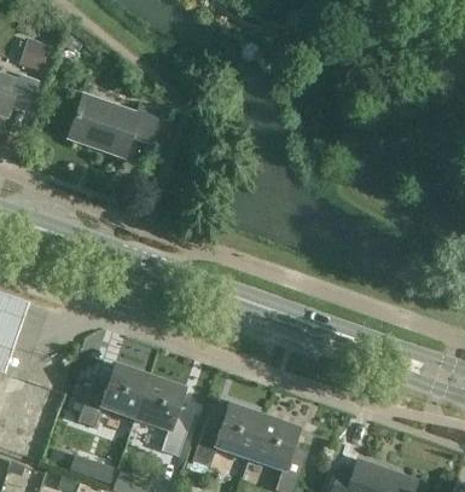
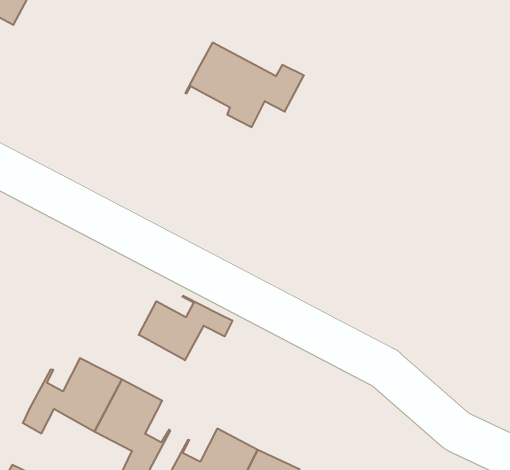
building: [69,95,159,157] -> [185,43,304,127]
building: none -> [139,296,232,360]

